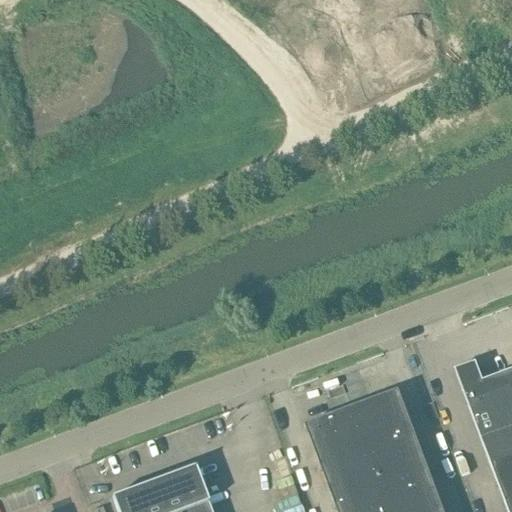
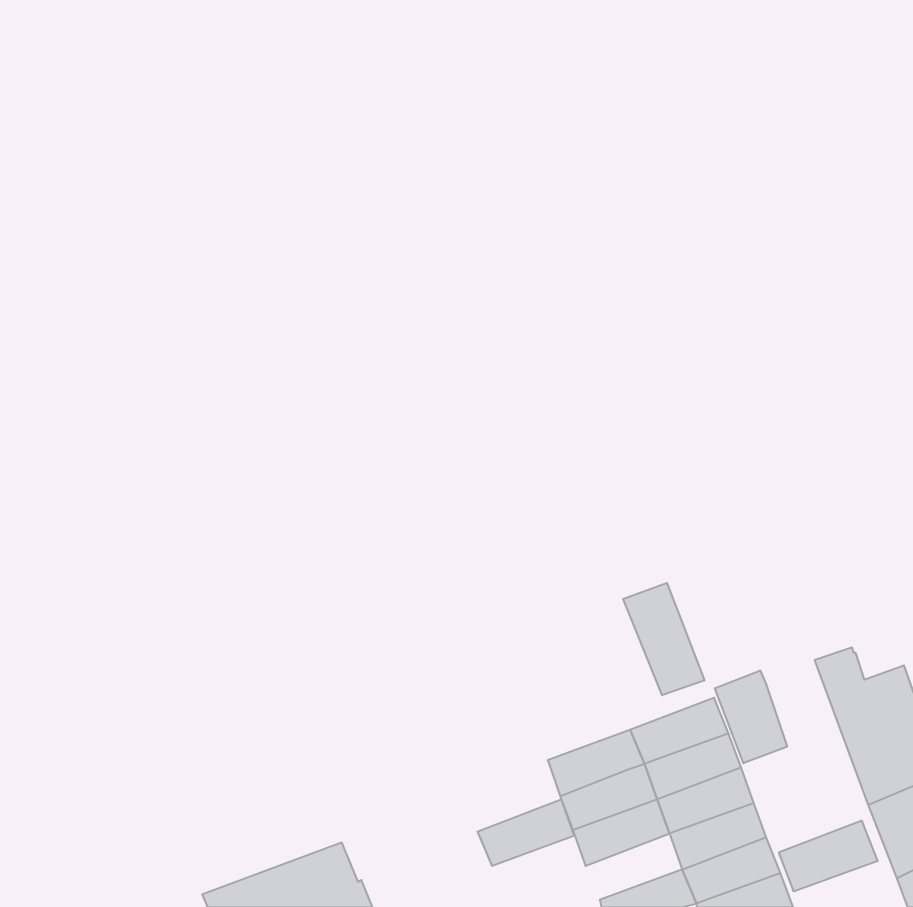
building: none -> [623,583,704,695]
building: none -> [715,670,787,763]
building: none -> [779,821,878,891]
building: [328,466,382,503] -> [477,800,574,866]

